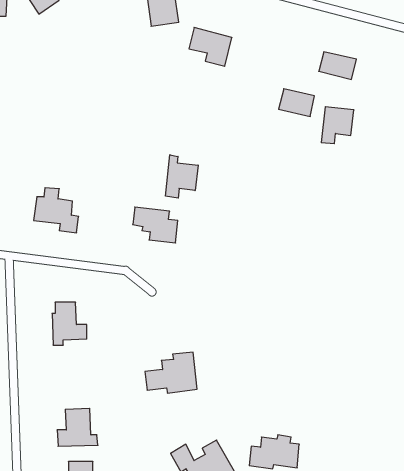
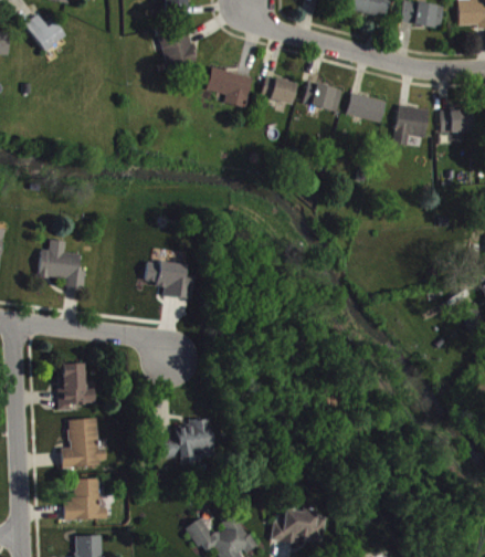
building: none -> [261,75,296,105]
building: [279,89,314,116] -> [303,82,341,112]
building: [321,107,354,144] -> [393,106,429,146]
building: [166,155,198,198] -> none
building: none -> [61,418,106,466]

